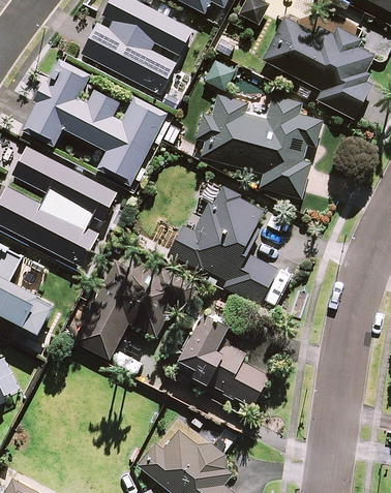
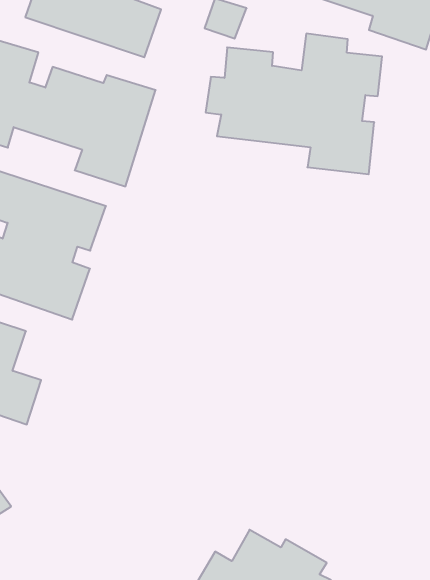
building: [170,181,276,306] -> none
building: [72,264,178,362] -> none
building: [179,310,264,406] -> none

